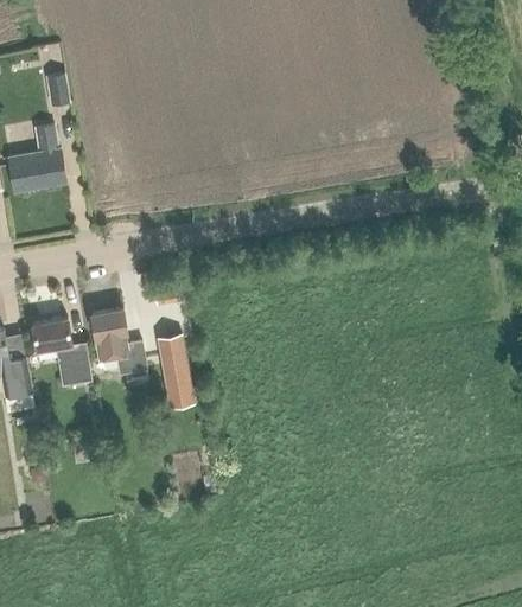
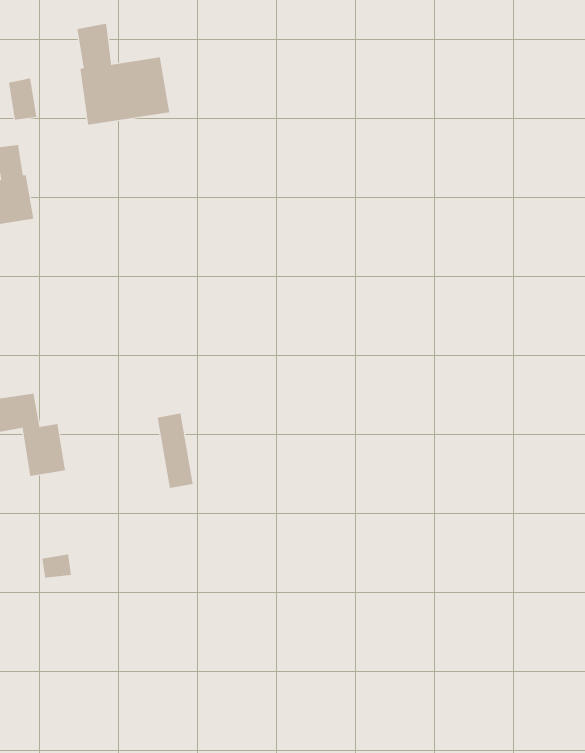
building: none -> [77,23,170,125]
building: [91,309,161,392] -> none

